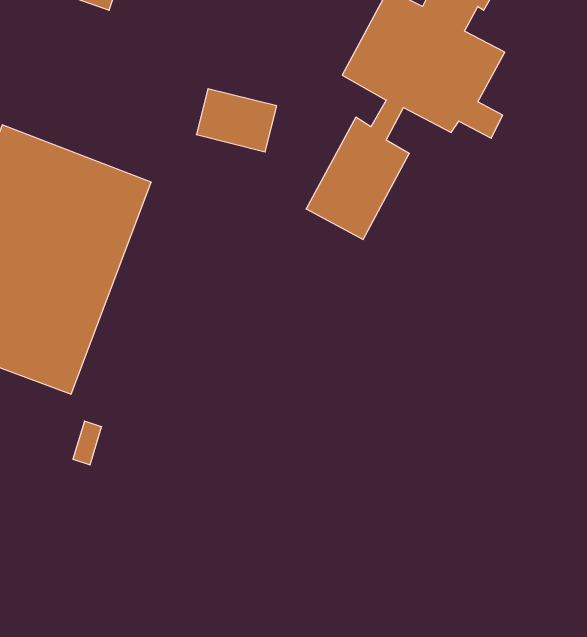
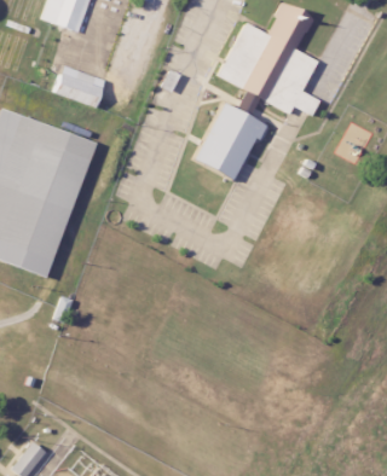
building: [196,89,277,152] -> [50,65,100,105]

